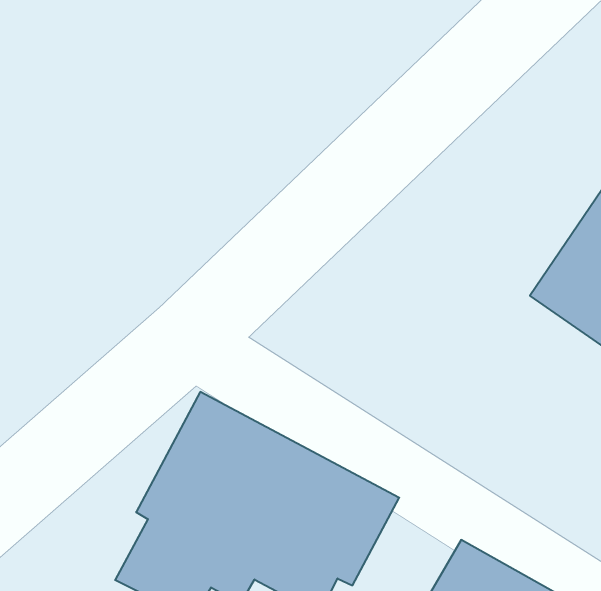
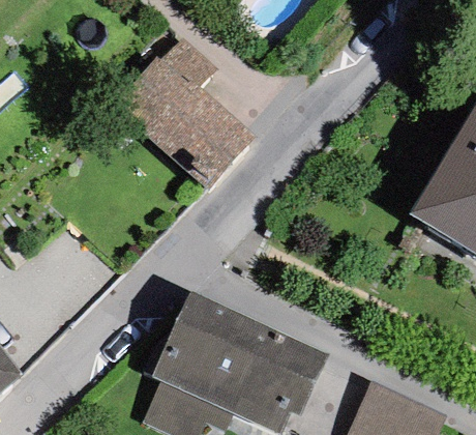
building: none -> [112,36,254,190]

